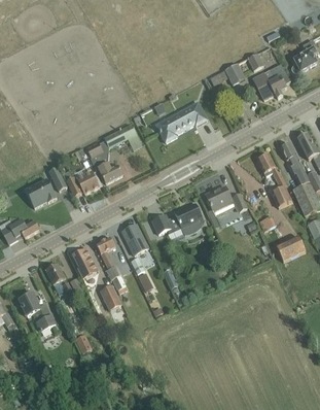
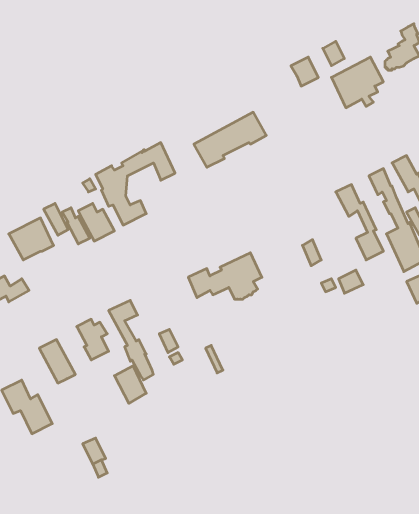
building: [205,185,234,226] -> none
building: [121,224,148,254] -> none
building: [276,235,305,261] -> none

